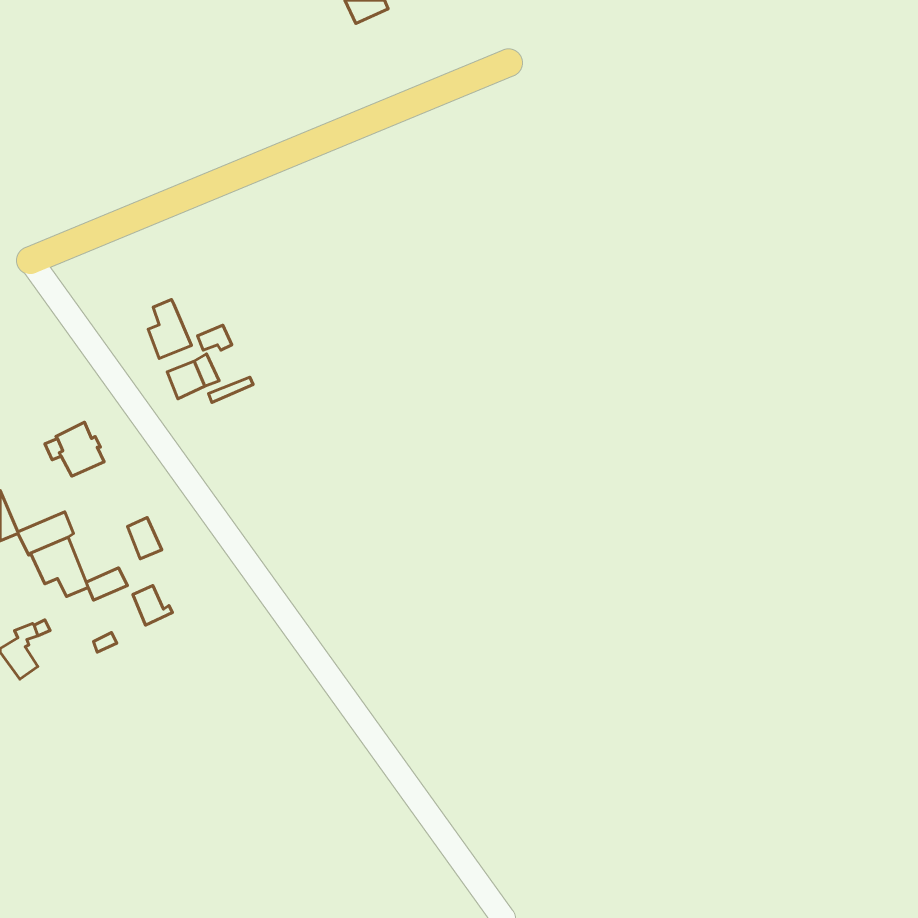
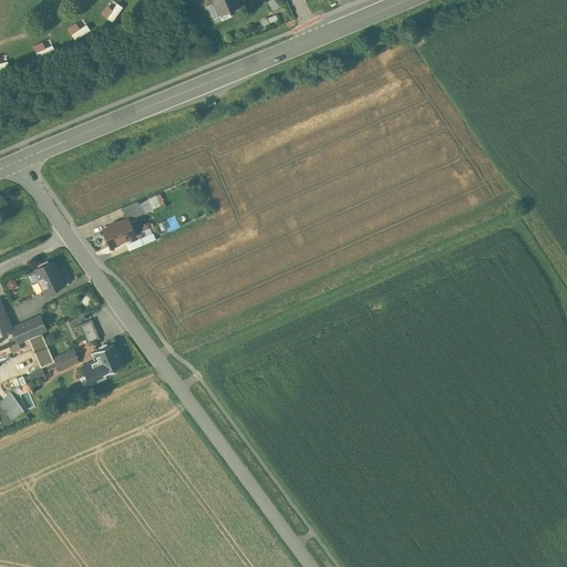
building: [148,299,191,358] -> none
building: none -> [91,343,122,375]

